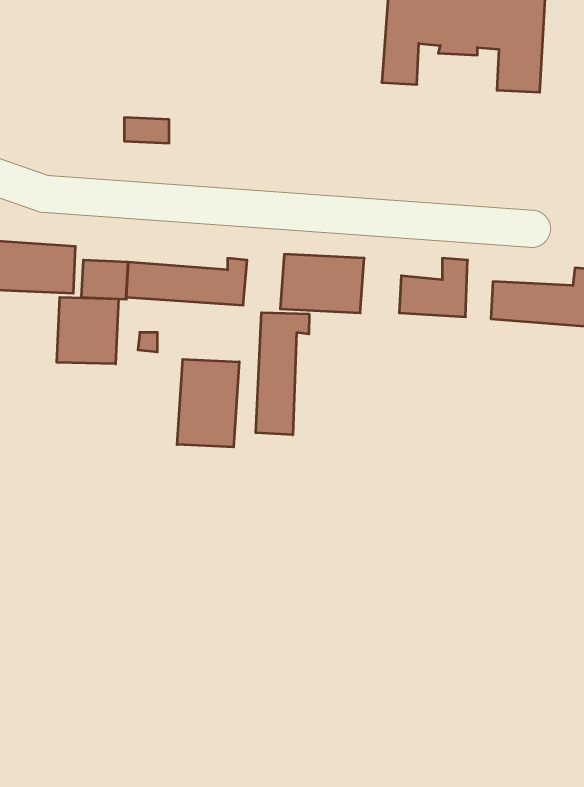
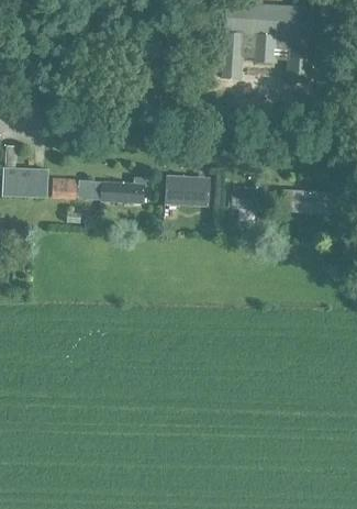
building: [57,297,118,364] -> none
building: [256,313,309,435] -> none
building: [177,359,239,447] -> none

